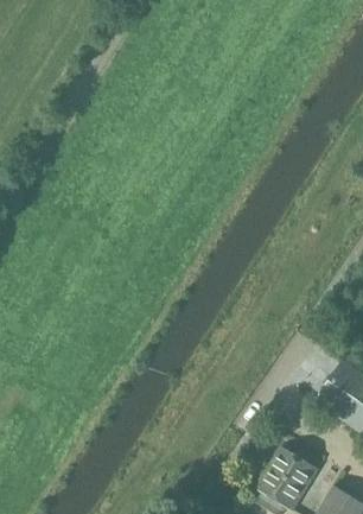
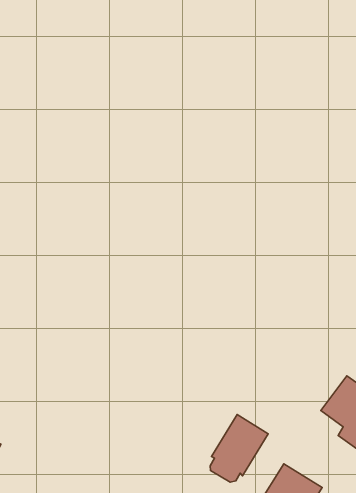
building: none -> [210,415,268,482]

